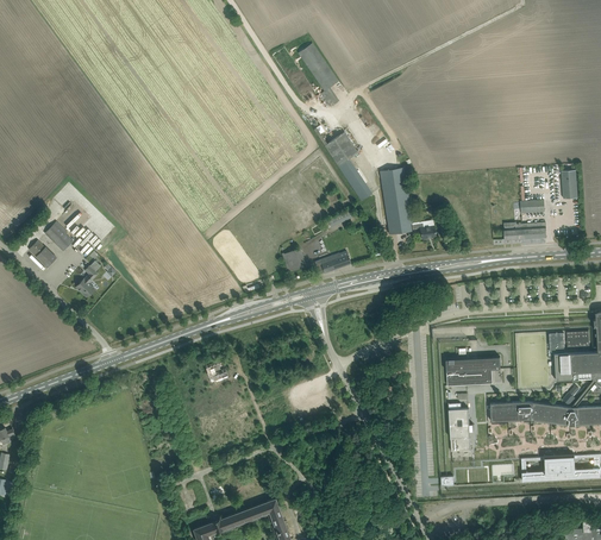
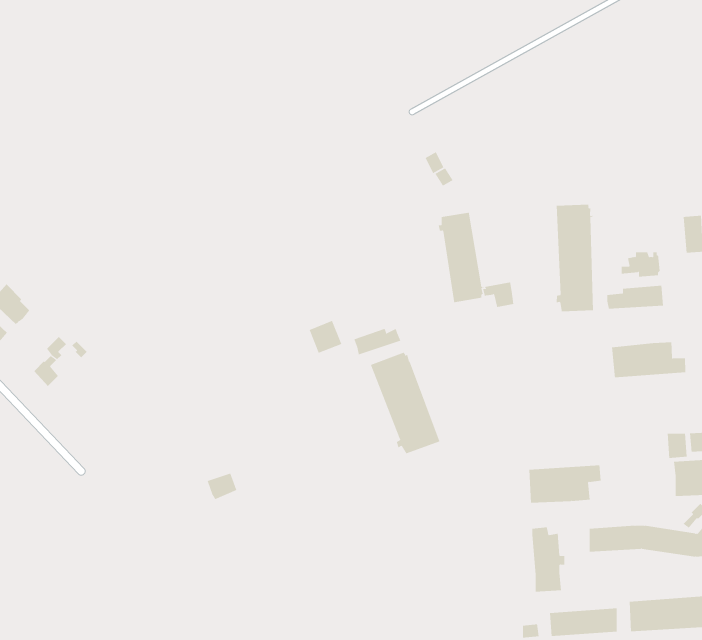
building: [299,45,340,106] -> none
building: [325,132,373,201] -> none
building: none -> [556,204,594,312]
building: none -> [611,341,686,378]
building: none -> [370,352,440,454]

